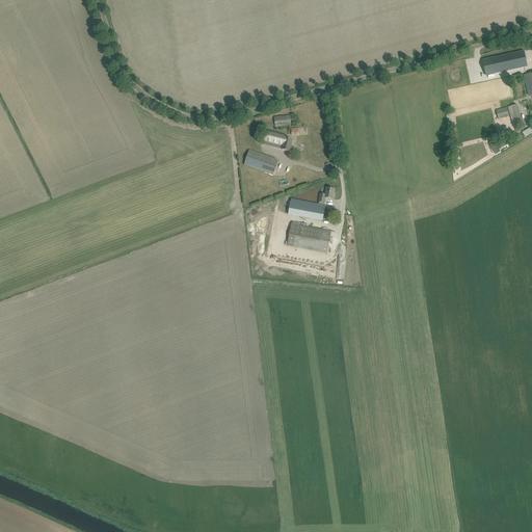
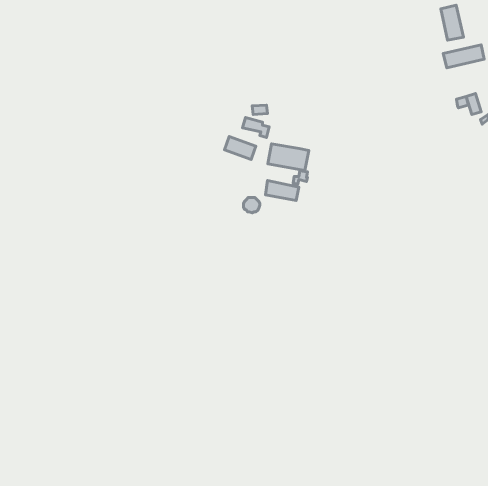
building: none -> [441,5,464,40]
building: [287,222,331,251] -> [268,144,309,171]

